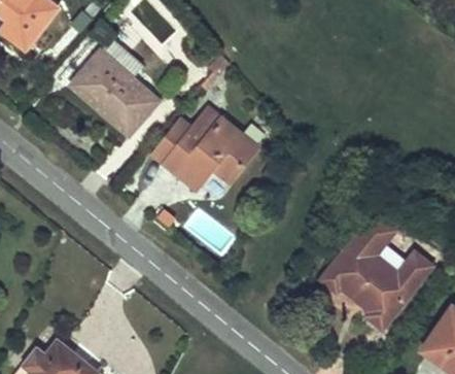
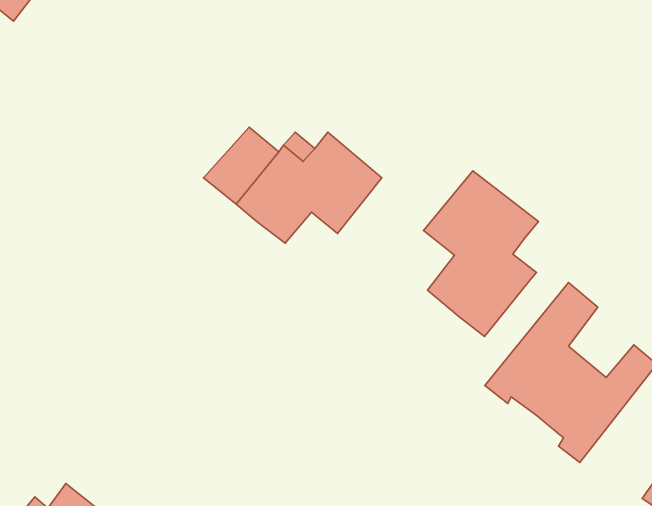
building: [71,50,159,135] -> none
building: none -> [424,171,538,337]

